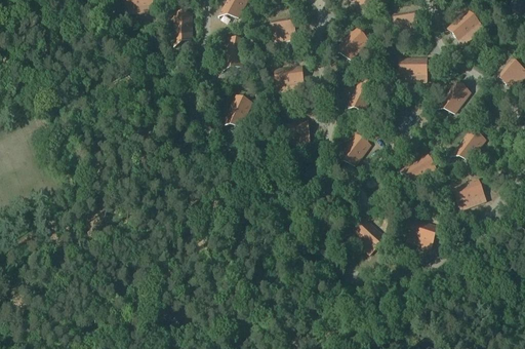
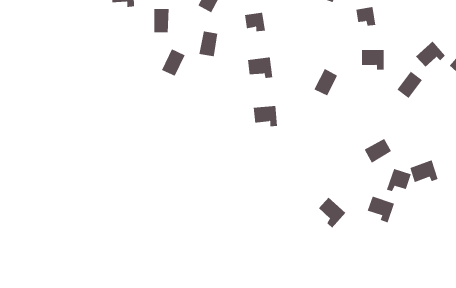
building: [448,9,482,39] -> [415,41,446,68]
building: [336,28,367,59] -> none
building: [224,94,250,125] -> [161,49,185,77]
building: [454,129,484,160] -> none
building: [338,133,368,165] -> none
building: none -> [386,168,411,192]

